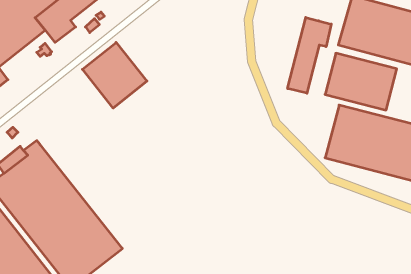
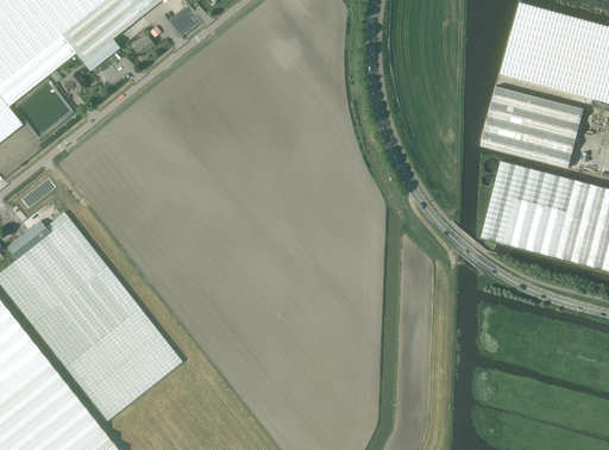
building: [288,17,331,93] -> none
building: [82,42,147,108] -> none

